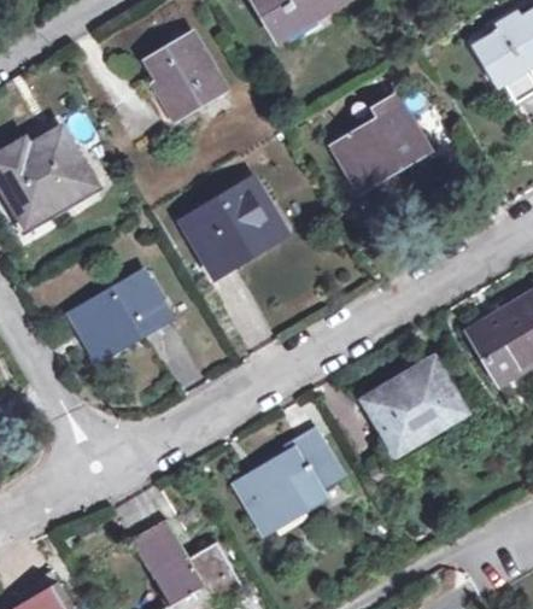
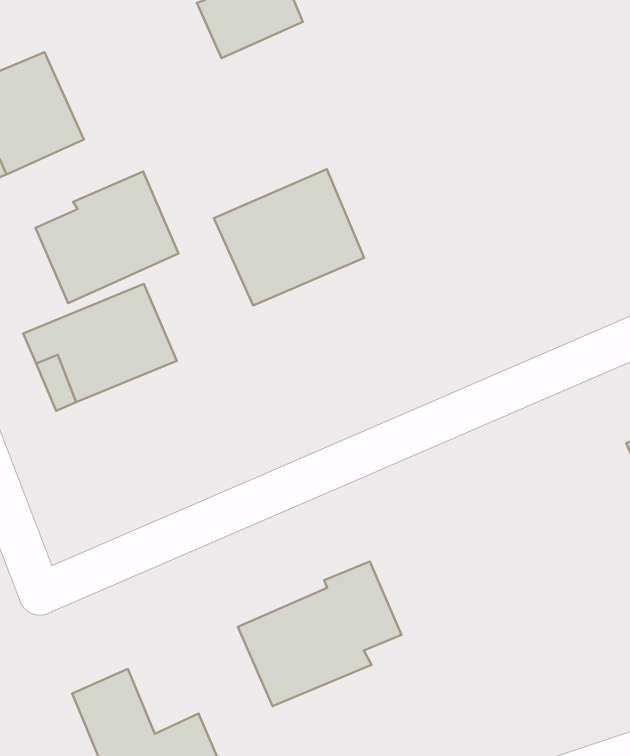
building: [342,94,426,187] -> none
building: none -> [35,172,178,303]
building: [367,362,463,452] -> none

